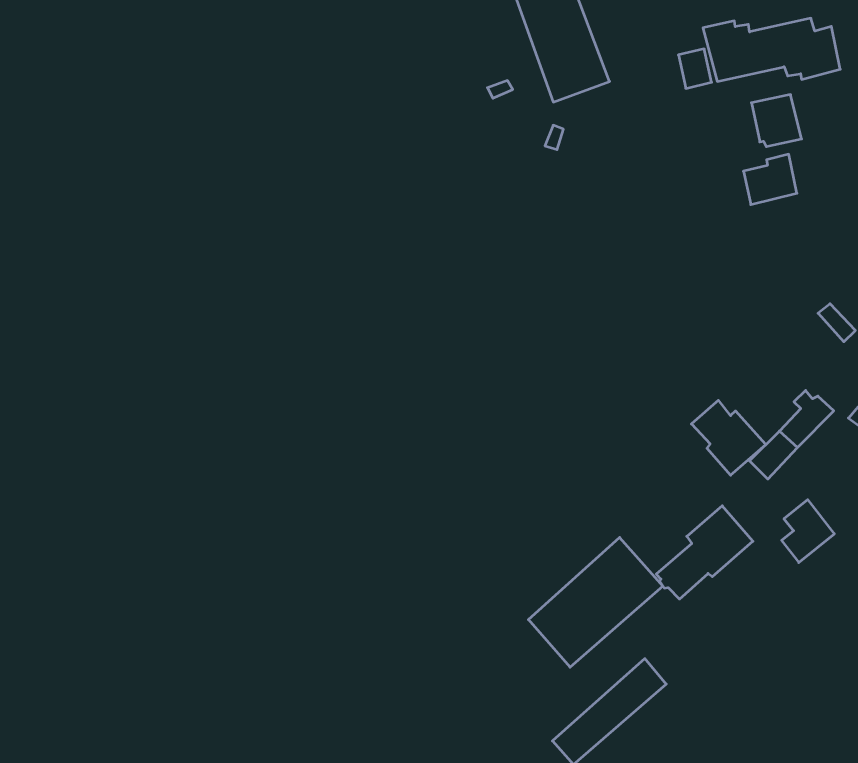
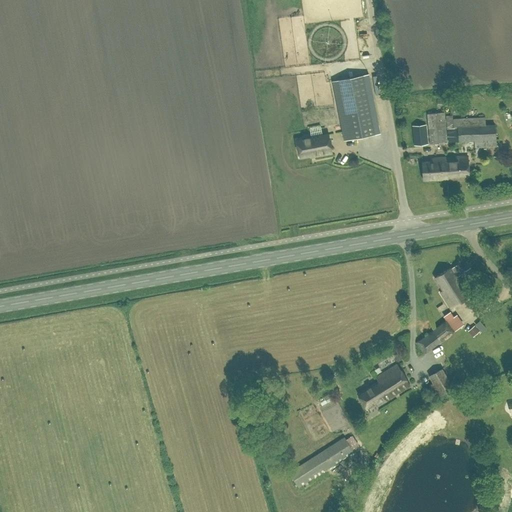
building: none -> [297,133,333,157]
building: [743,154,797,205] -> [422,156,448,179]
building: [691,400,766,475] -> [435,267,472,307]
building: [528,537,663,667] -> none

